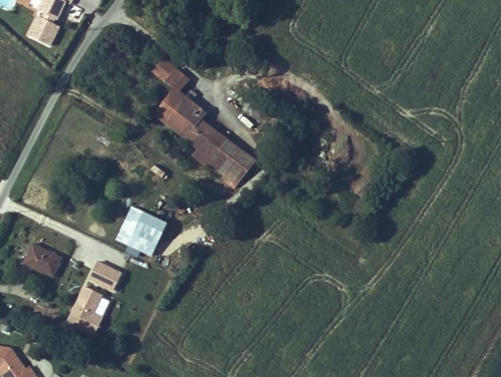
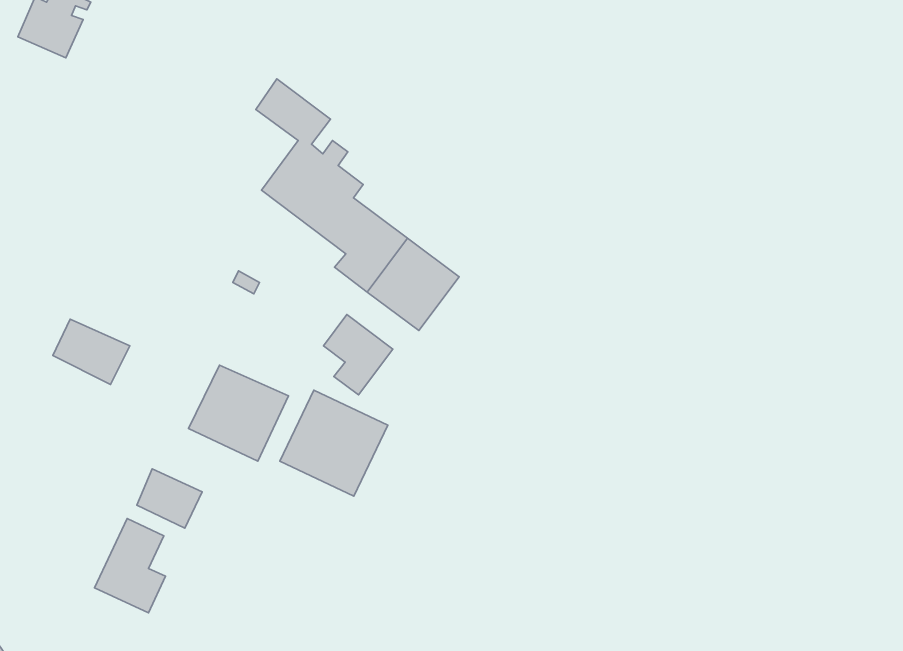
building: none -> [323,315,393,395]
building: none -> [280,390,388,496]
building: [22,243,62,277] -> [53,319,130,384]

